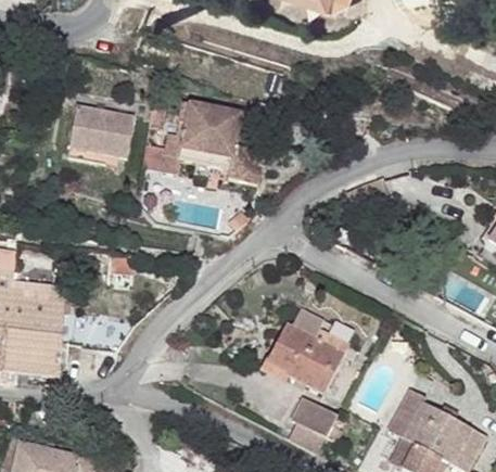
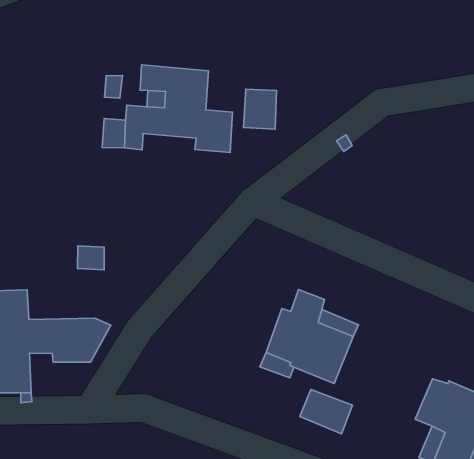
building: [67,105,135,165] -> none
building: none -> [244,89,276,129]

